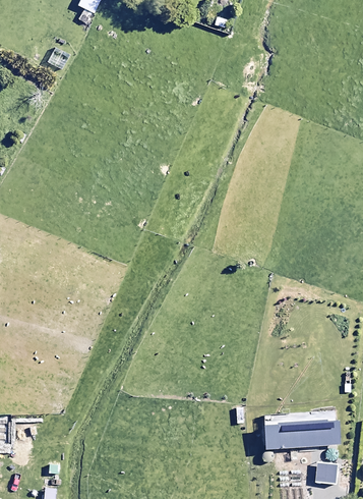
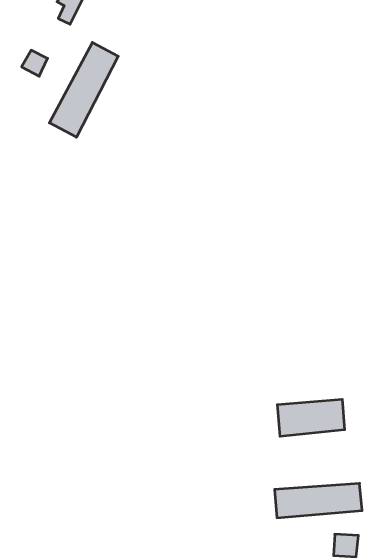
building: none -> [49,42,118,137]
building: none -> [277,399,345,436]

